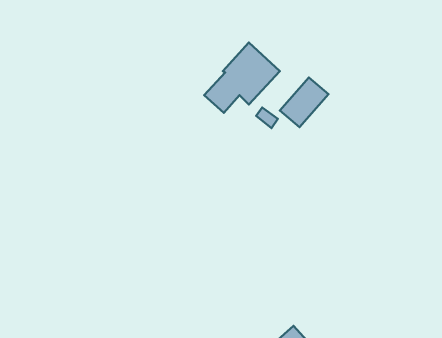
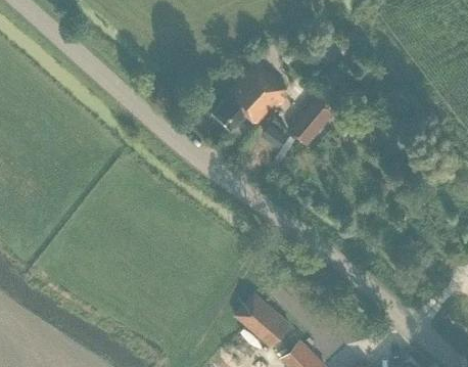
building: none -> [237,299,291,351]

